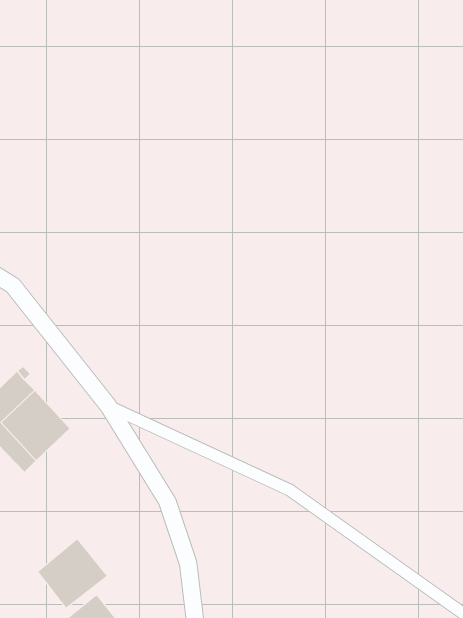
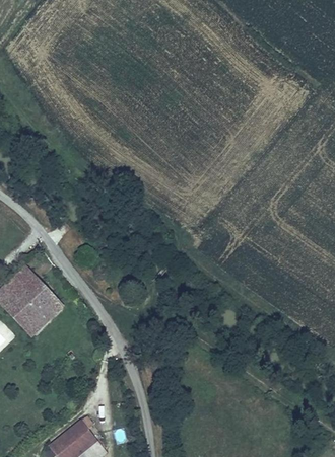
building: [37,538,107,608] -> none

